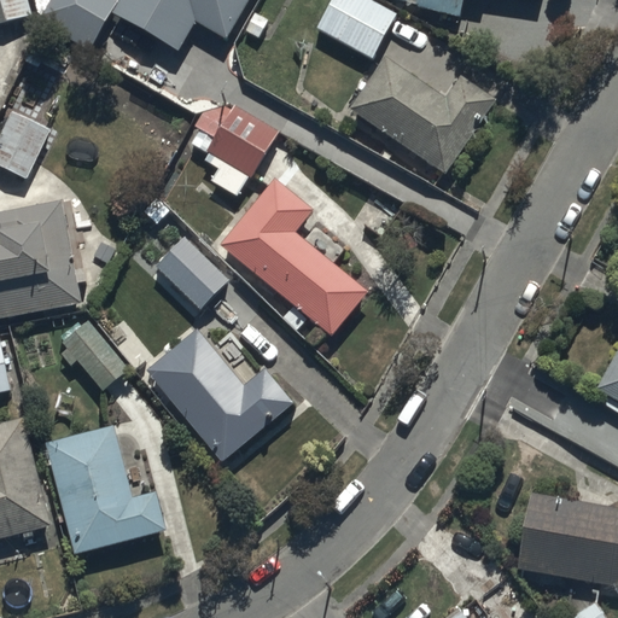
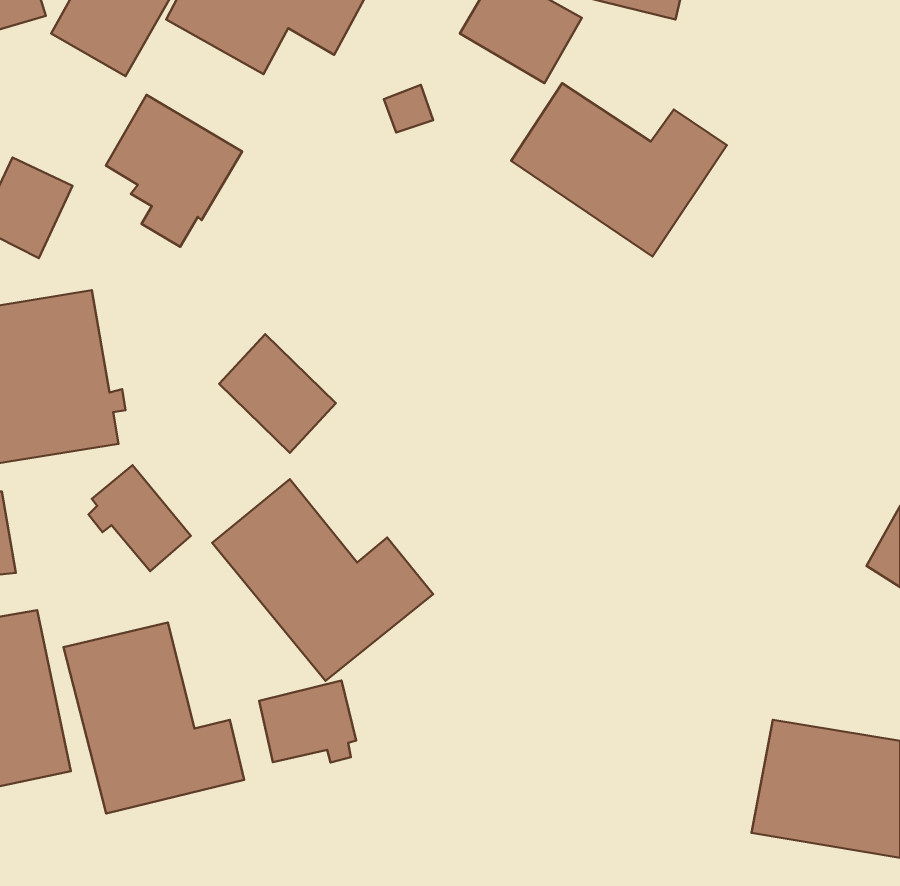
building: [186,91,279,194] -> [106,95,242,247]
building: [217,176,368,337] -> none
building: none -> [259,681,356,763]

